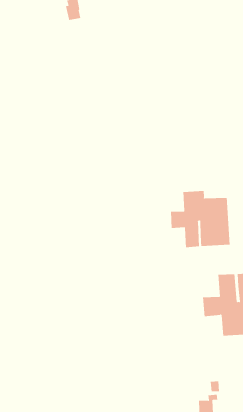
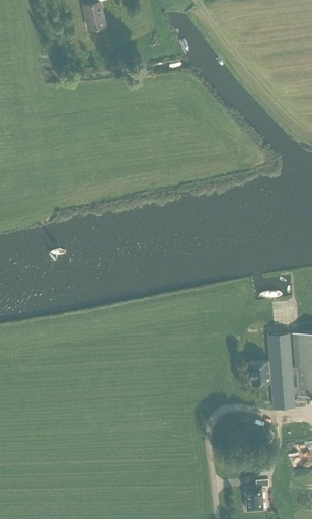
building: [170,190,230,248] -> none

